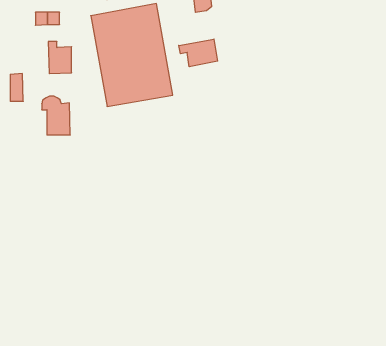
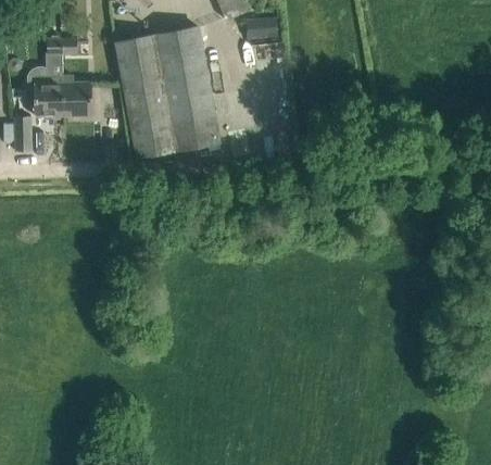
building: [179,39,218,67] -> none
building: [42,96,70,135] -> [28,67,64,116]

